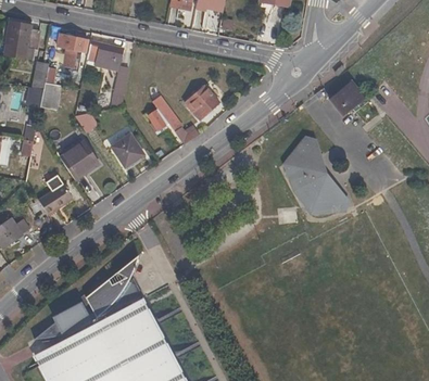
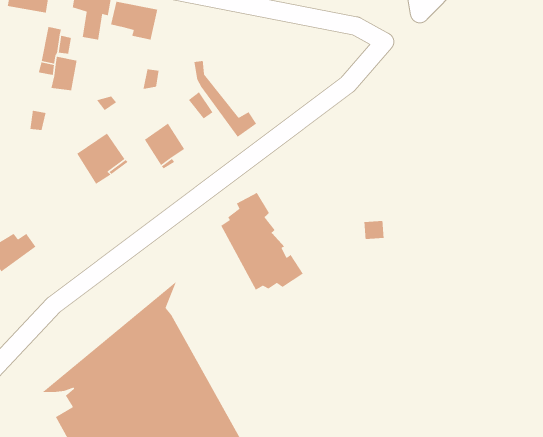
building: [328,81,367,116] -> none
building: [185,85,220,119] -> none
building: [282,141,346,217] -> [220,192,304,291]
building: [38,182,74,215] -> none

